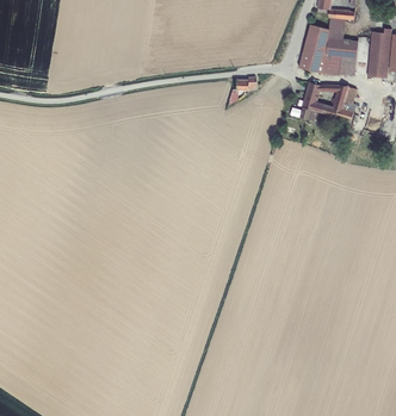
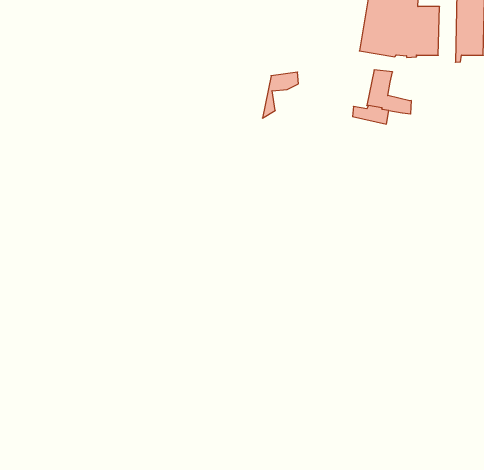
building: [320,85,358,129] -> none

